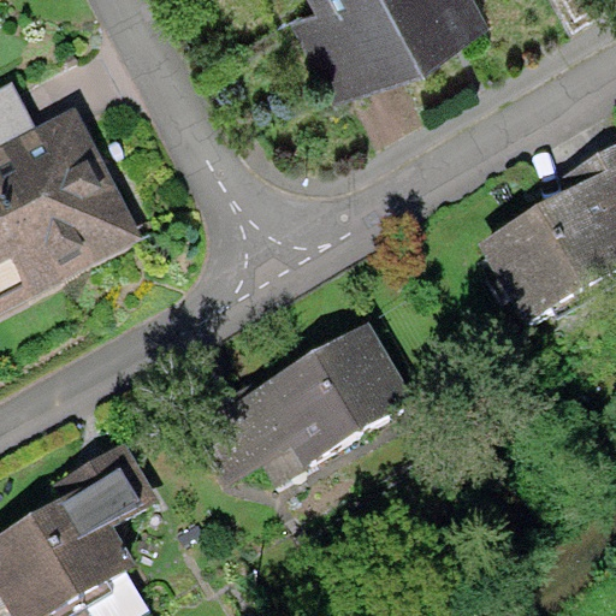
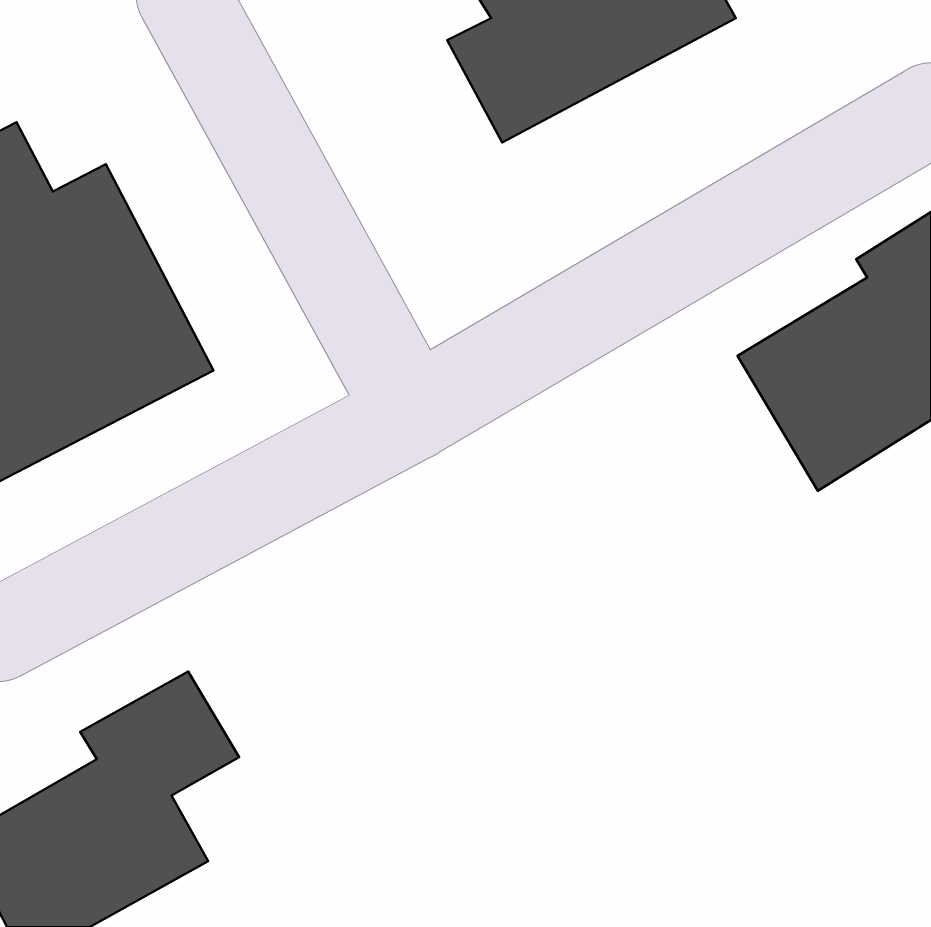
building: [190,320,416,485] -> none

